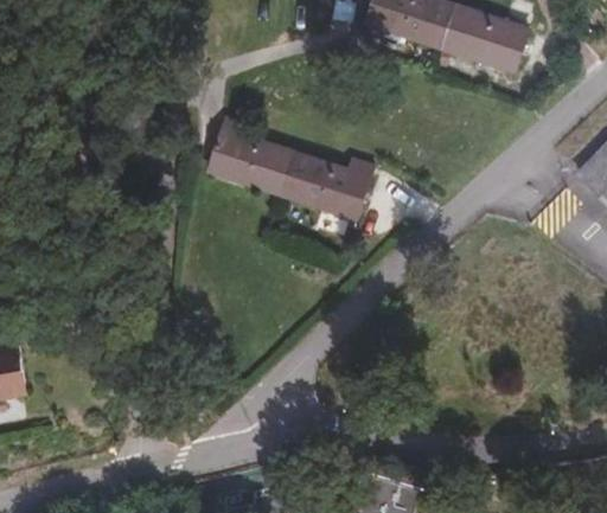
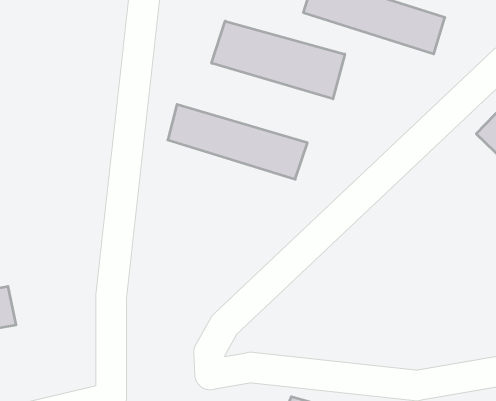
building: none -> [212,21,345,99]

